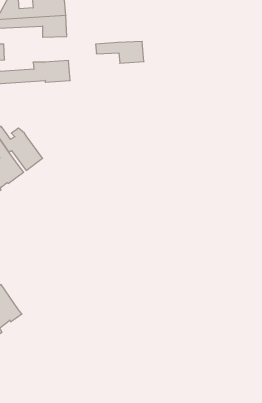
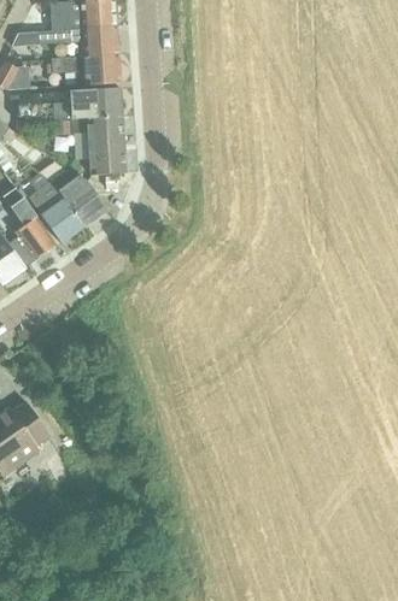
building: [96,42,144,63] -> [52,55,119,86]
building: none -> [87,117,124,176]
building: none -> [49,169,106,225]

